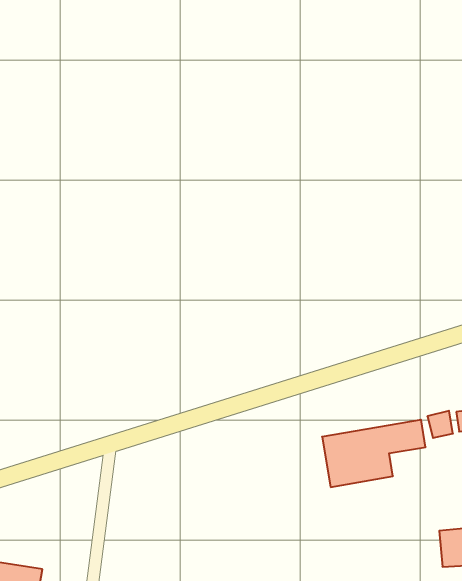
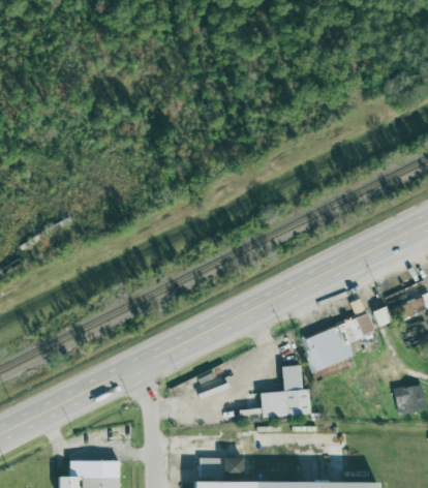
building: none -> [259,365,310,418]

